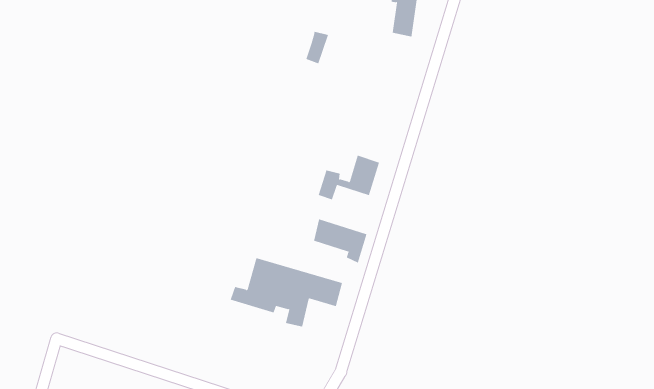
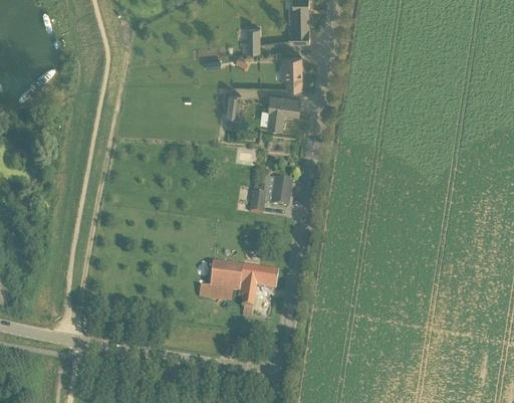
building: none -> [266,93,299,127]
building: [313,219,367,263] -> none

